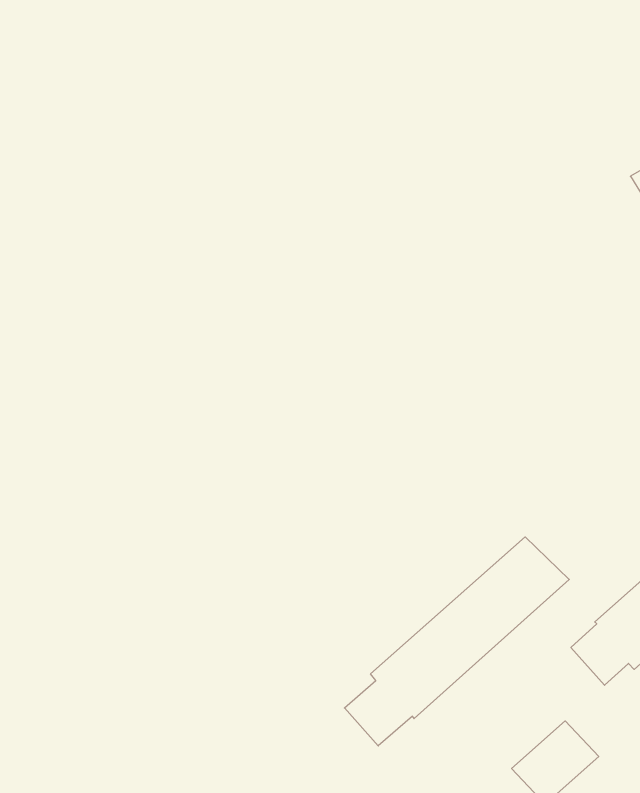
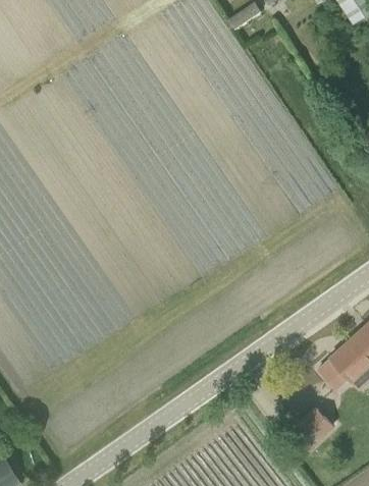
building: [344,537,569,746] -> none

